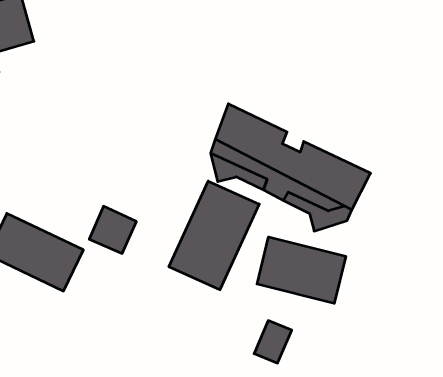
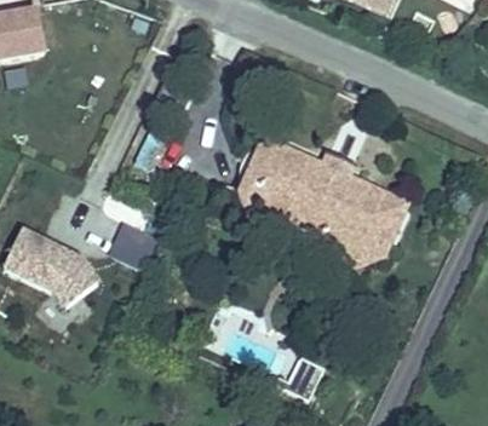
building: [169,181,259,290] -> none
building: [257,237,346,303] -> none

